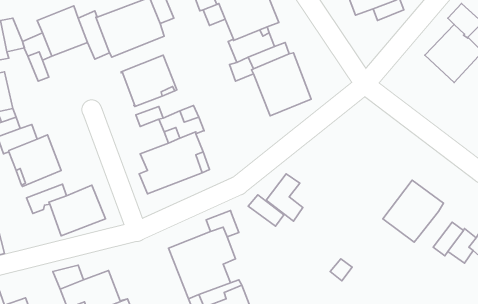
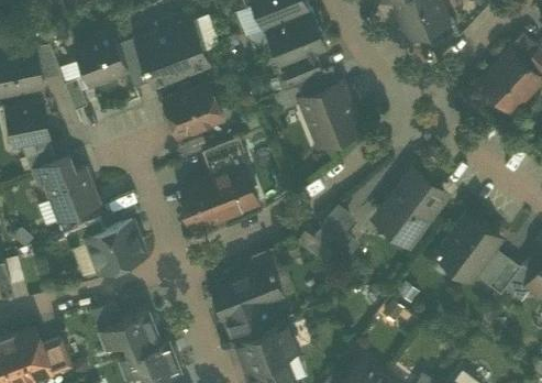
building: none -> [377,174,445,245]
building: none -> [474,250,509,287]

